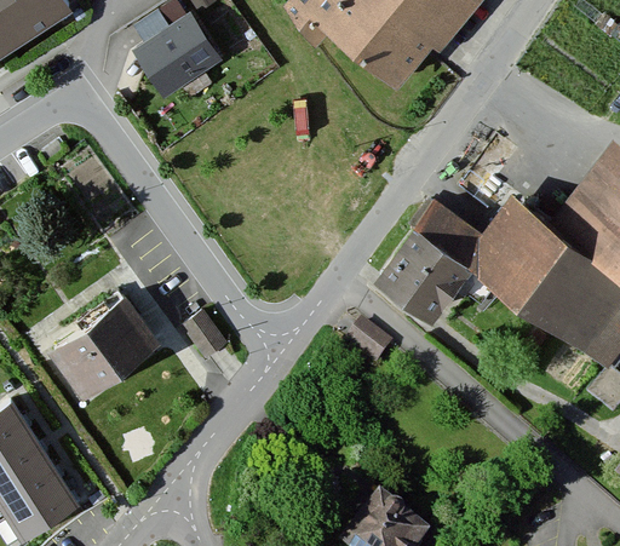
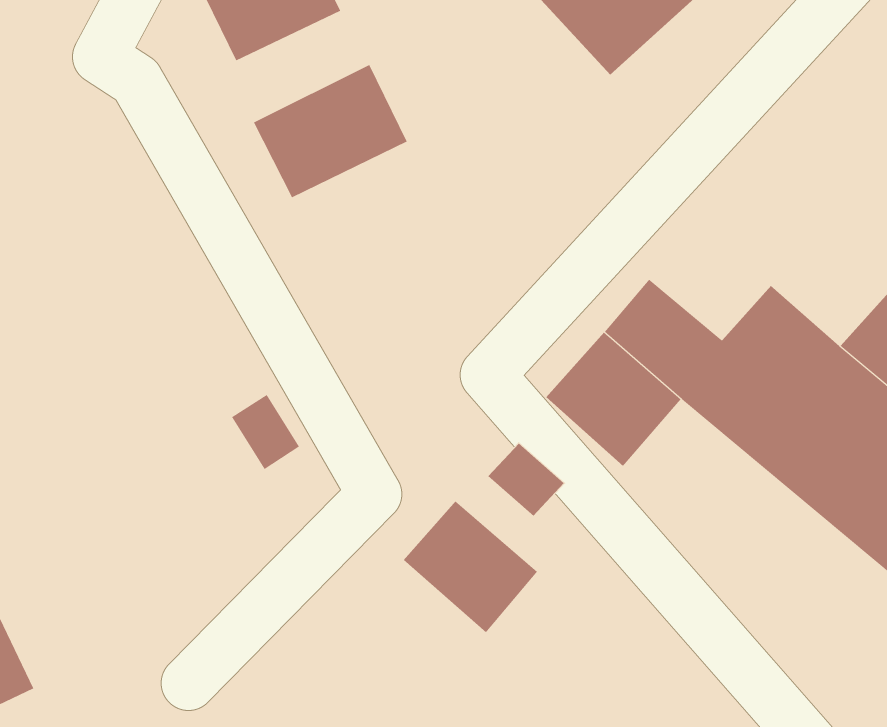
building: none -> [253,64,407,198]
building: [54,294,168,397] -> none
building: none -> [403,500,538,633]

